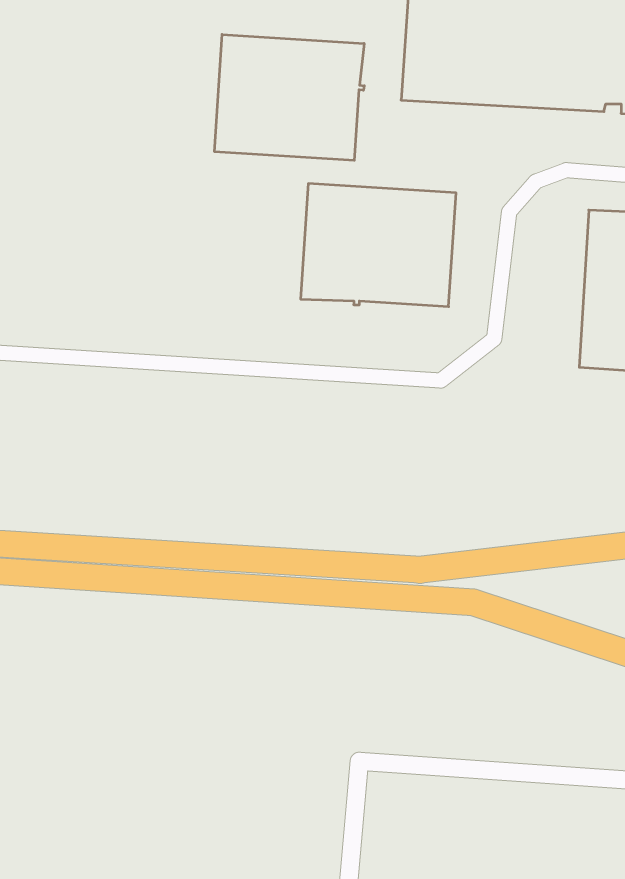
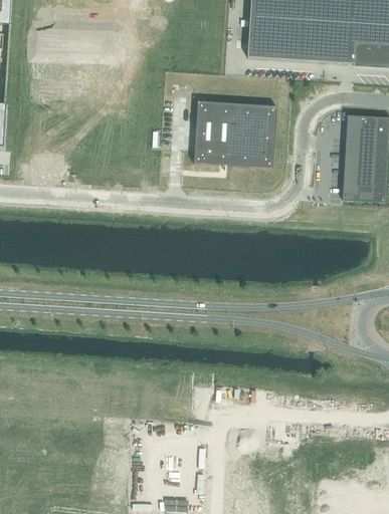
building: [215,34,364,160] -> none

